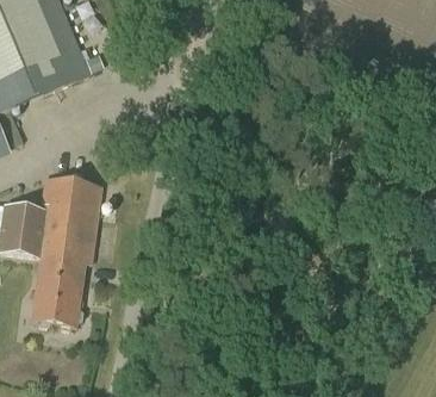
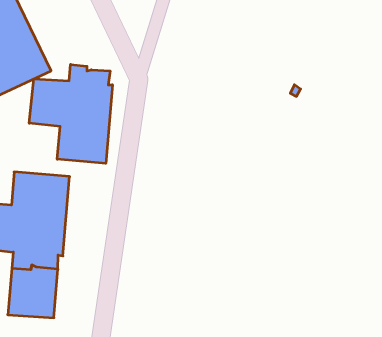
building: none -> [29,64,112,163]

